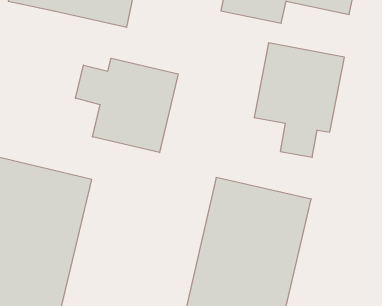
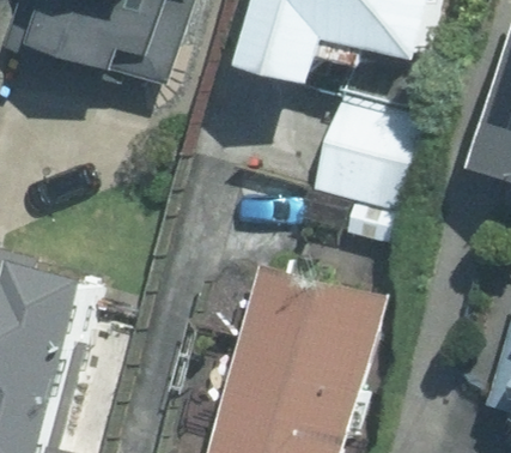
building: [75,58,178,153] -> none

